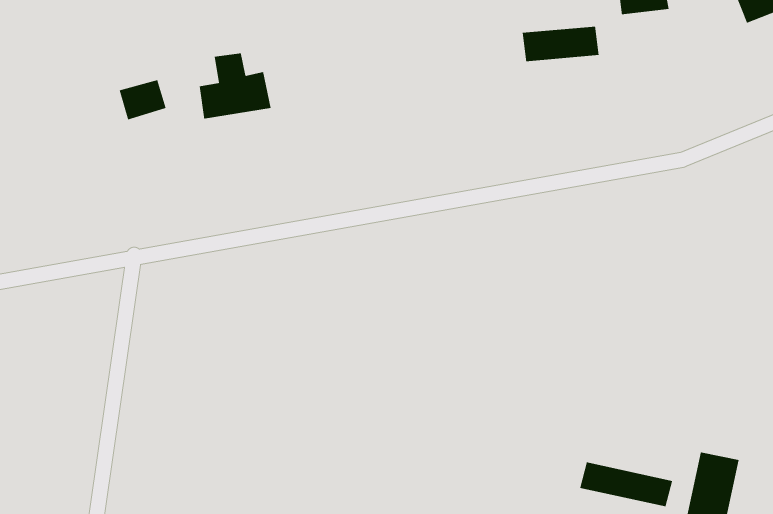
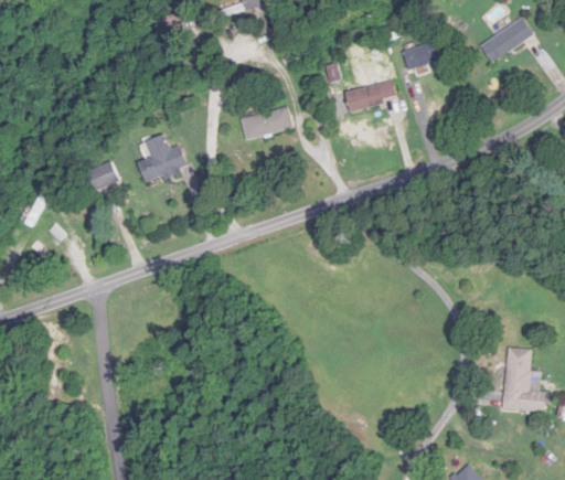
building: none -> [241,106,291,140]
building: [579,462,673,507] -> none

